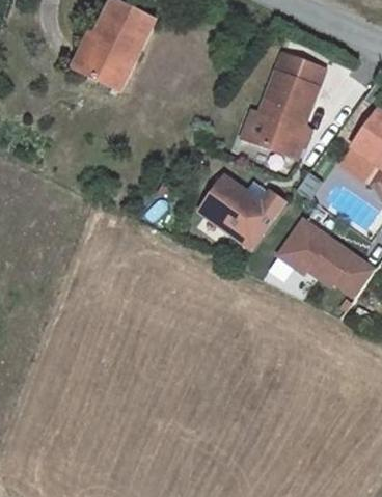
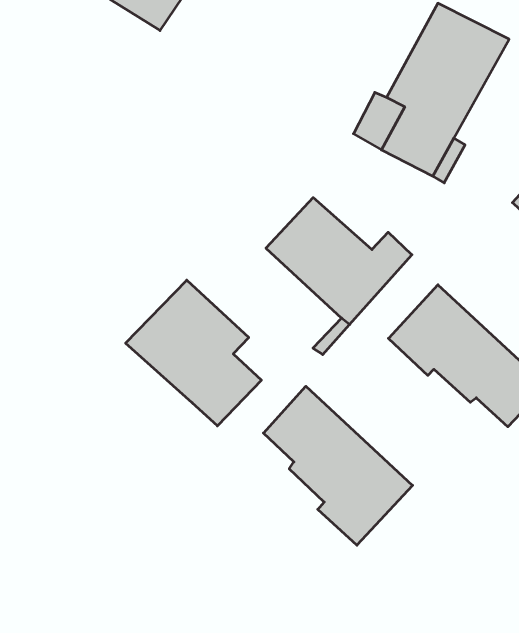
building: none -> [126,280,261,426]
building: none -> [263,386,413,545]

